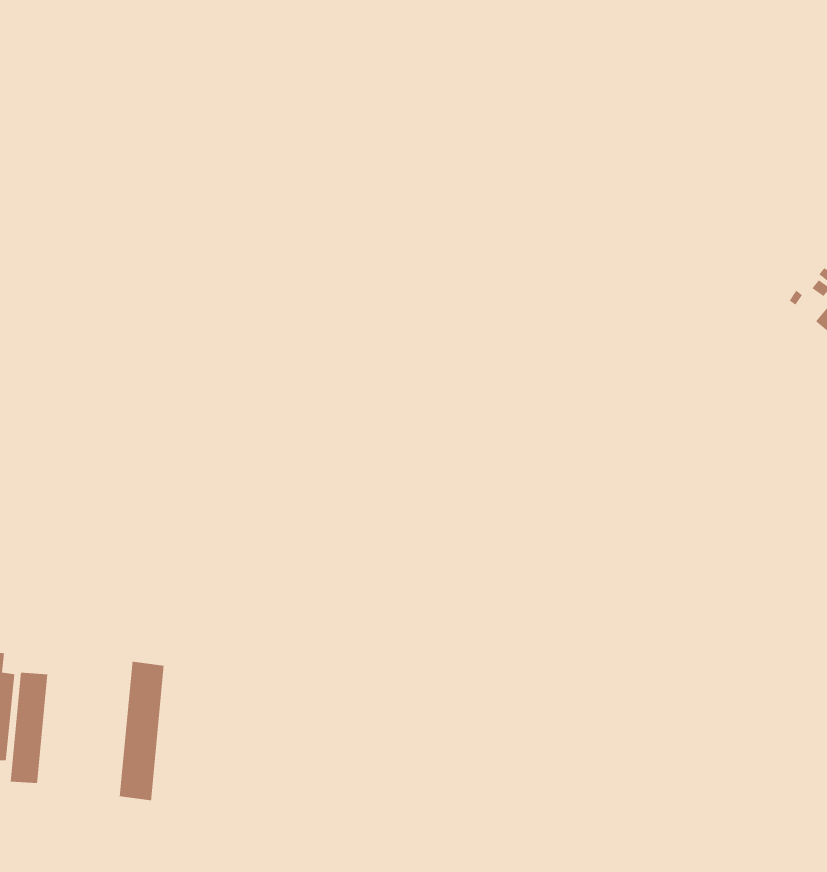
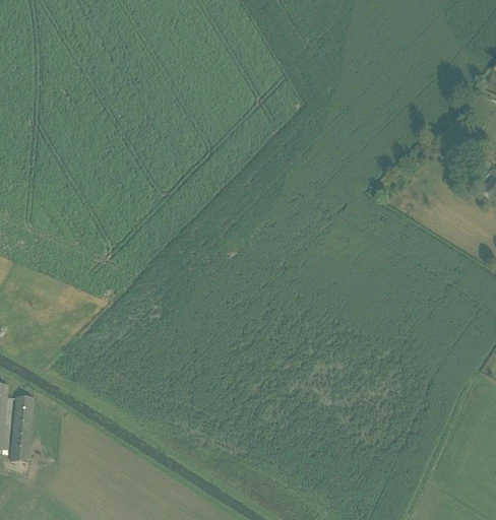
building: [119,661,164,801] -> none

